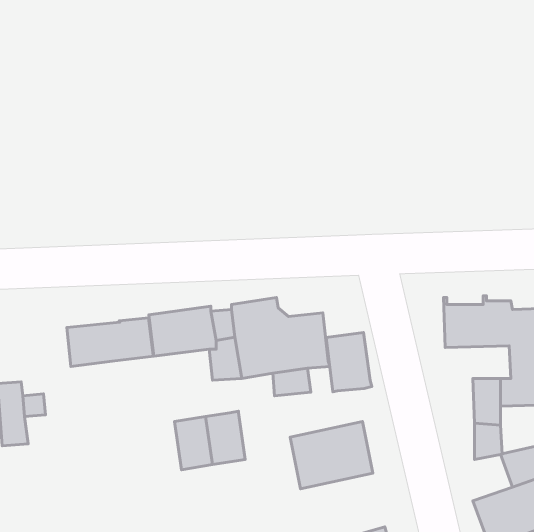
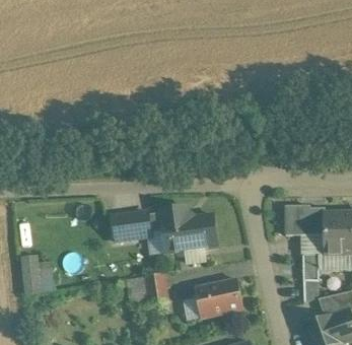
building: [67,318,154,366] -> none
building: [326,332,372,392] -> none

